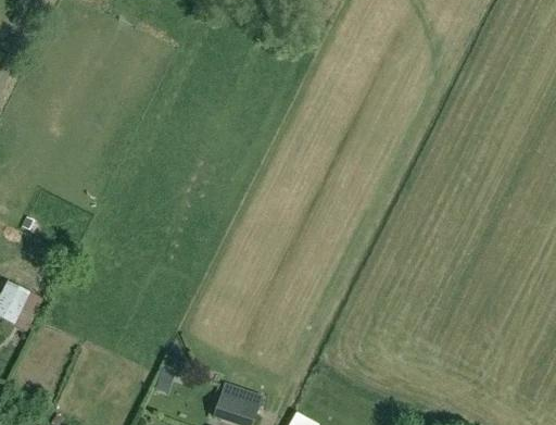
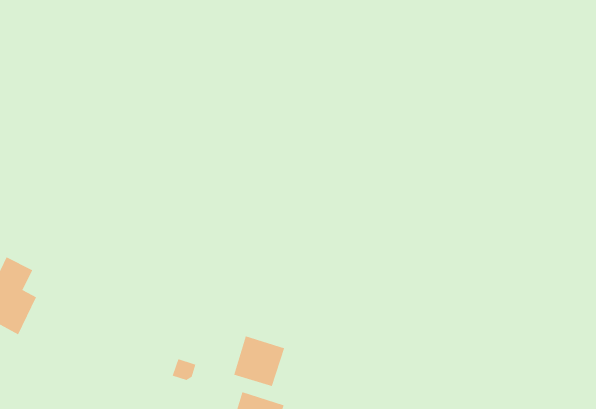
building: none -> [234,335,285,387]

